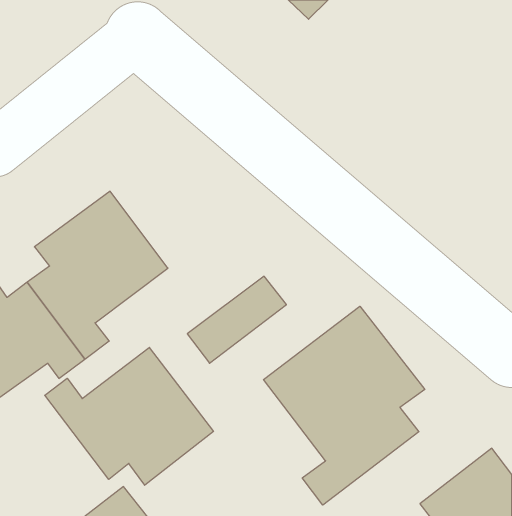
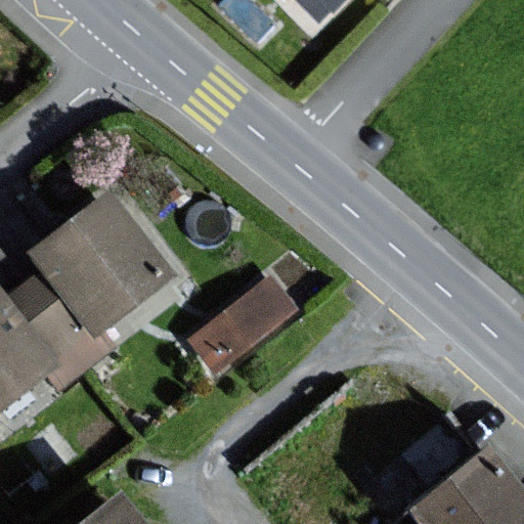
building: [264,306,425,505] -> none
building: [45,347,213,485] -> none

